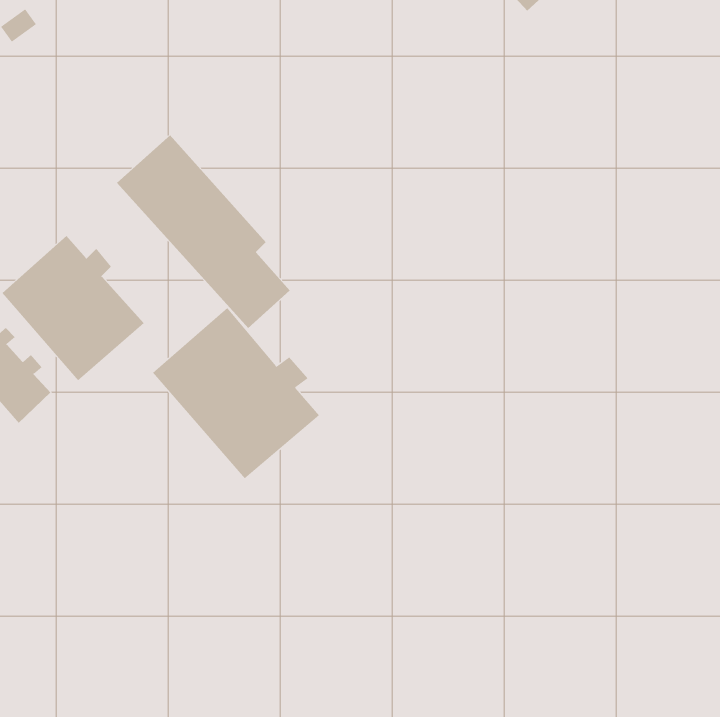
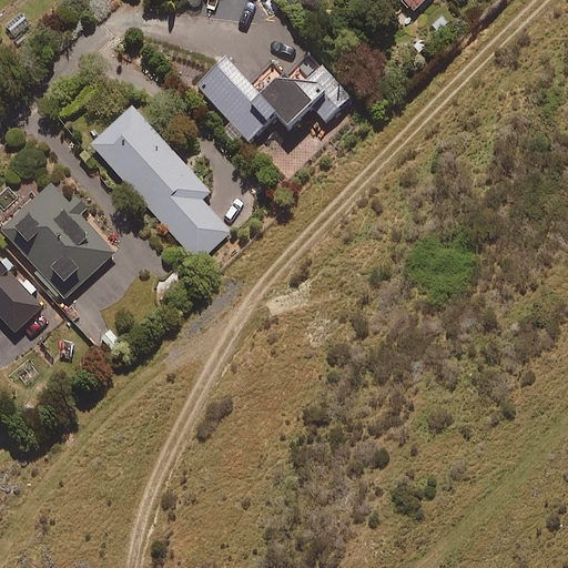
building: none -> [197,52,349,141]
building: [152,307,320,479] -> none

